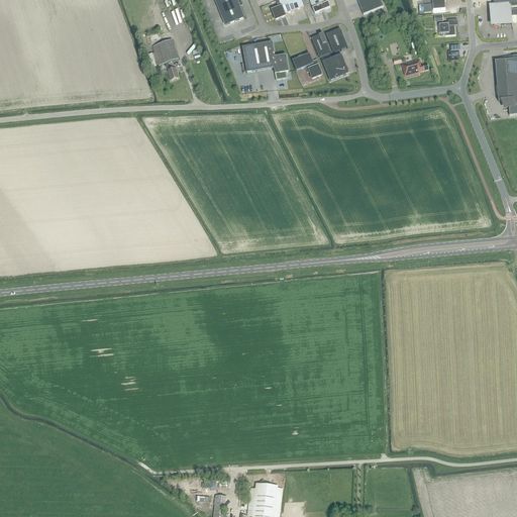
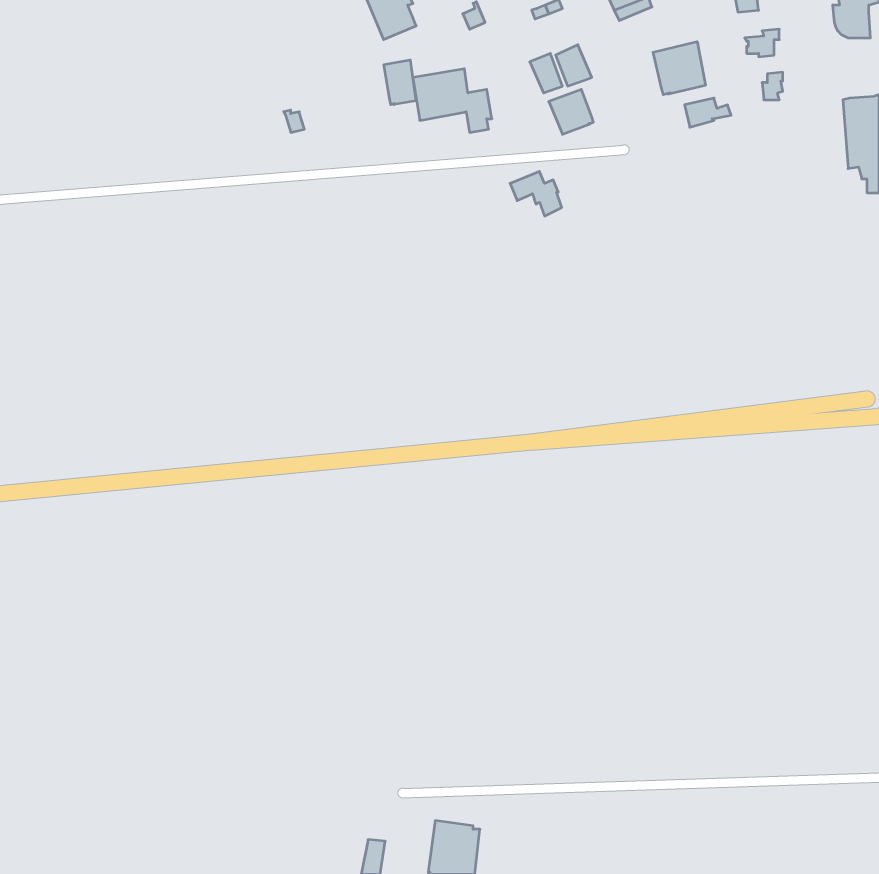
building: none -> [653,42,705,95]
building: none -> [384,60,416,105]
building: [152,37,178,64] -> none
building: [292,51,322,78] -> [510,171,562,216]

